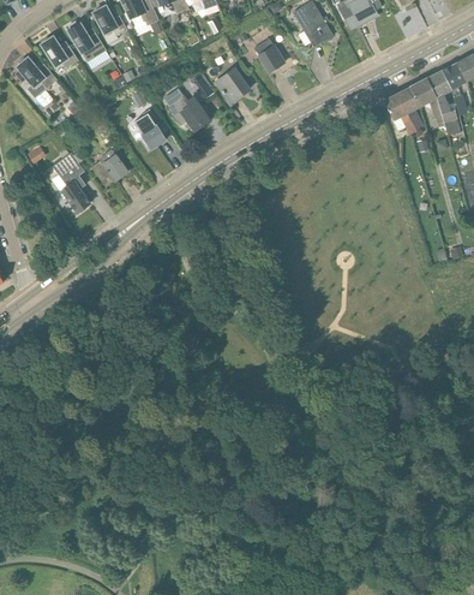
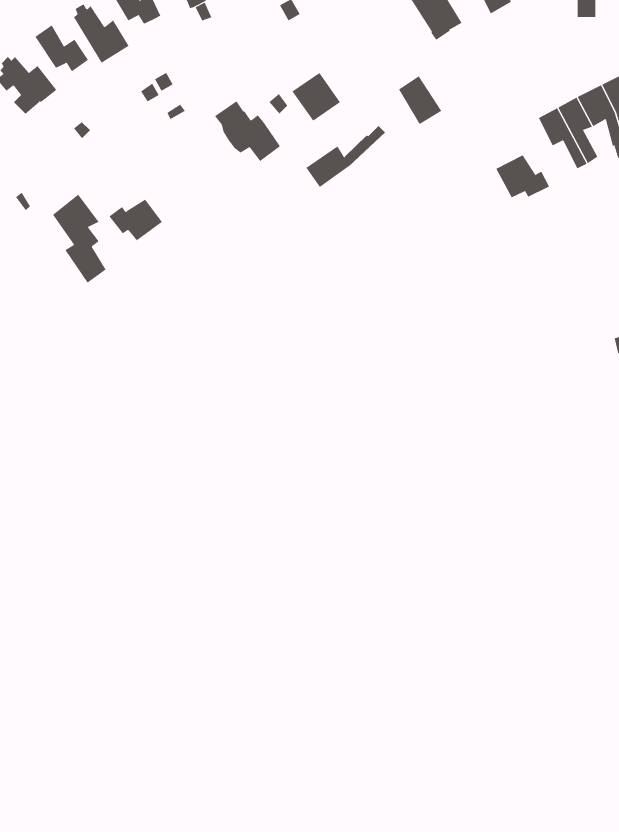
building: [254,38,284,72] -> [398,75,442,125]
building: [131,102,167,149] -> none
building: none -> [305,125,386,188]
building: none -> [495,154,550,198]

